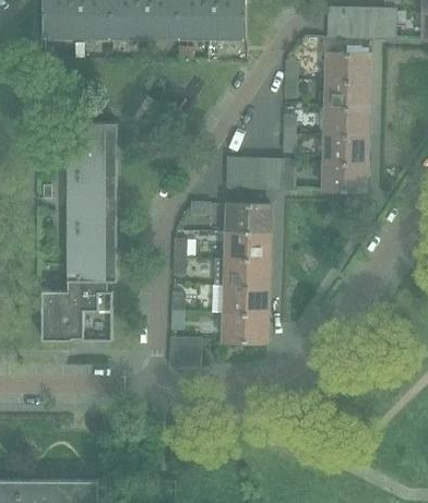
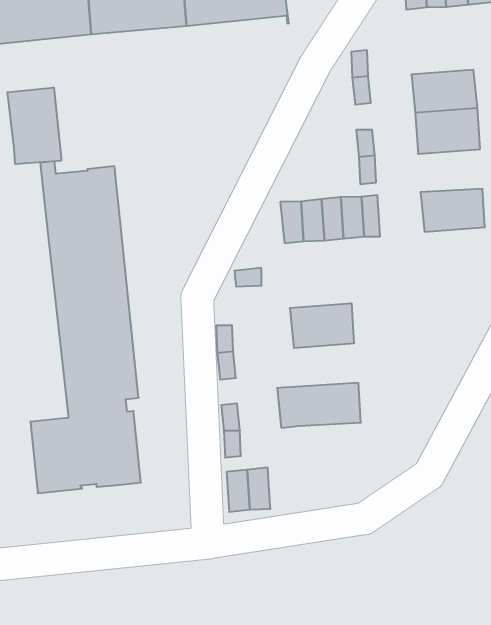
building: [325,55,369,84] -> none
building: none -> [8,87,61,164]
building: [323,137,367,166] -> none
building: [226,205,270,235] -> none
building: [214,261,268,289] -> none
building: [223,314,266,344] -> none

